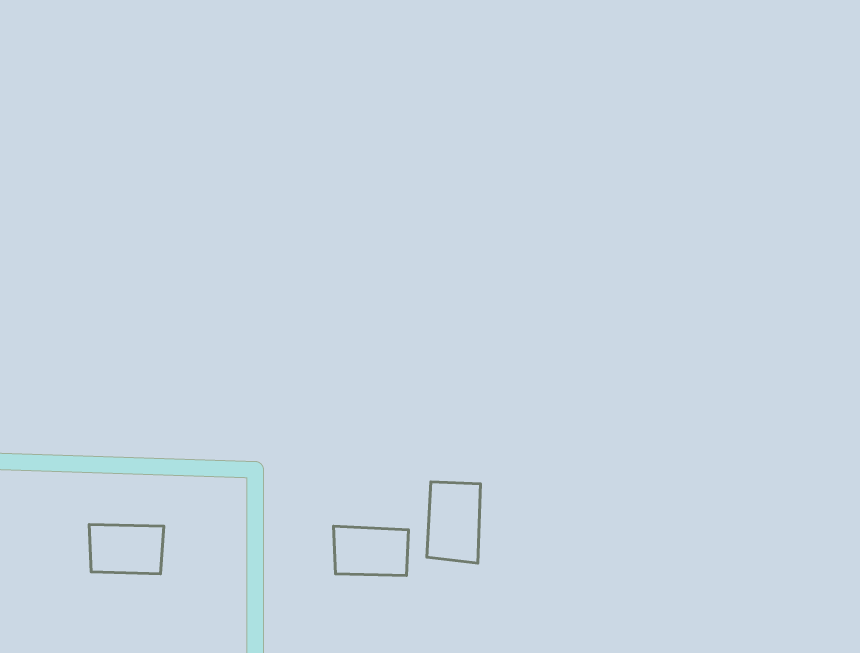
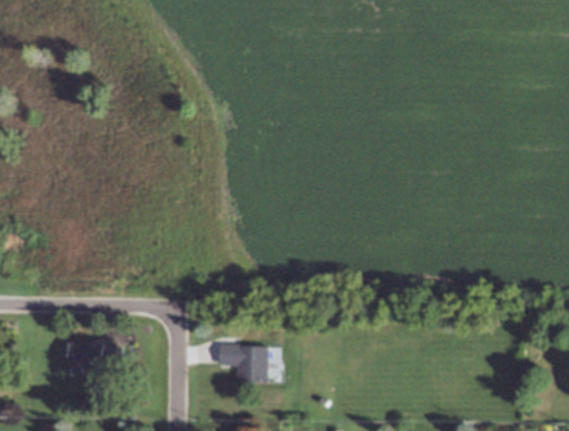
building: [427,482,480,563] -> none

